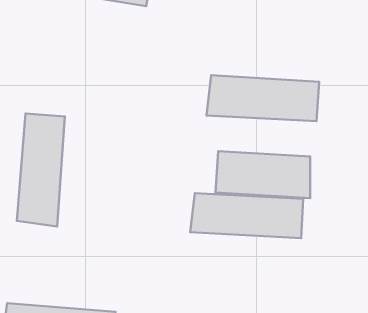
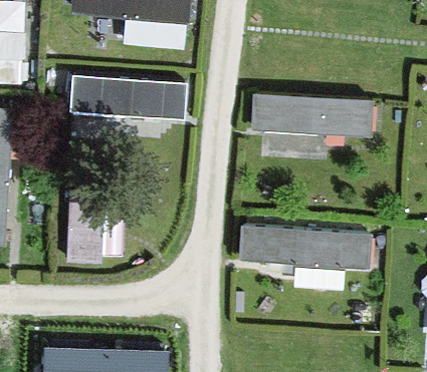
building: none -> [63,82,183,132]
building: [215,151,310,198] -> none

